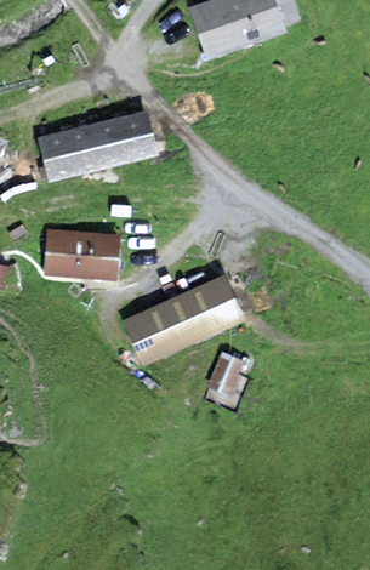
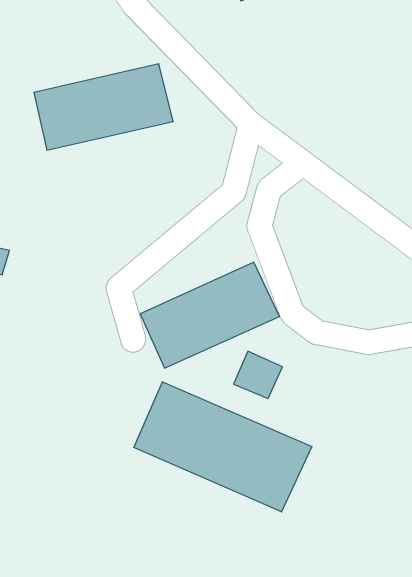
building: [45,228,121,279] -> none
building: none -> [134,382,312,512]

